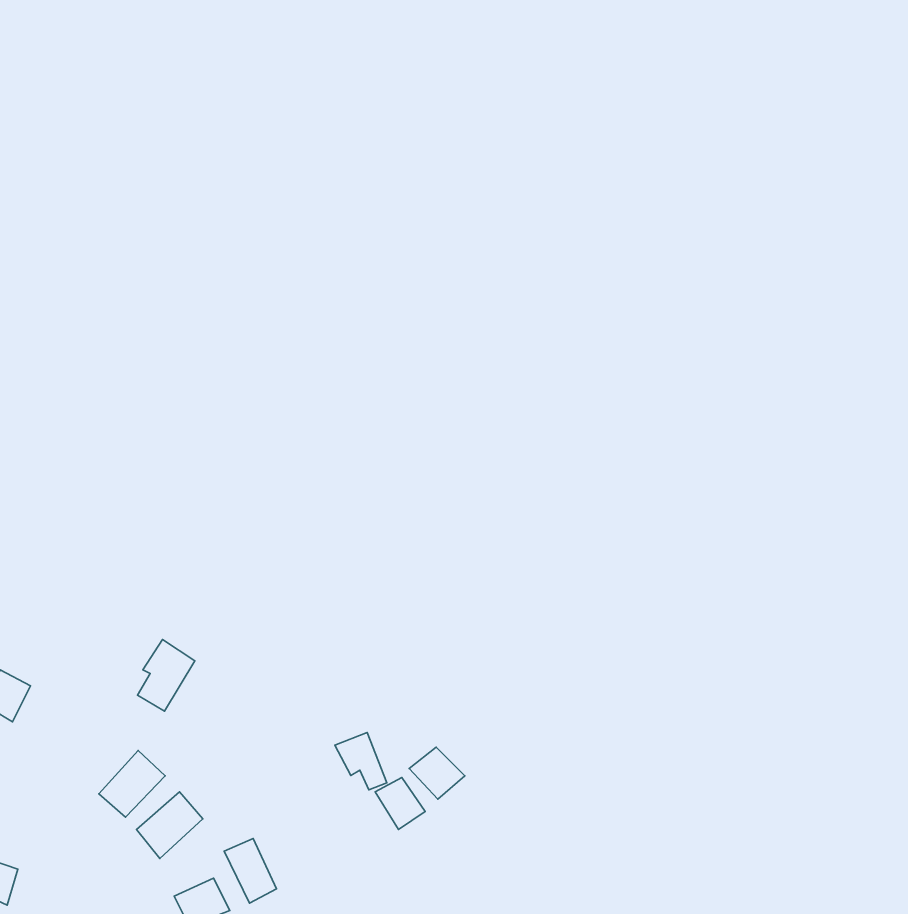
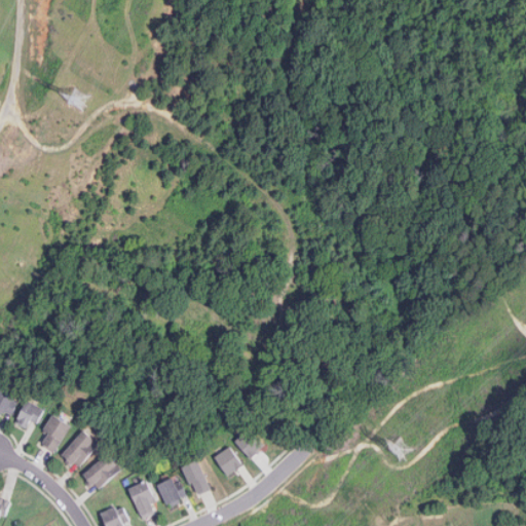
building: [138,639,195,711] -> [39,413,72,454]
building: none -> [15,400,44,431]
building: [335,732,387,790] -> [180,460,210,493]
building: none -> [158,481,187,506]

